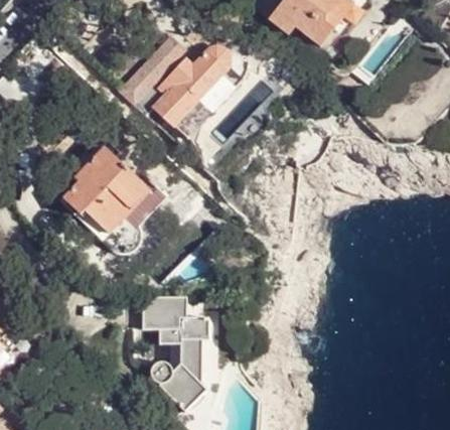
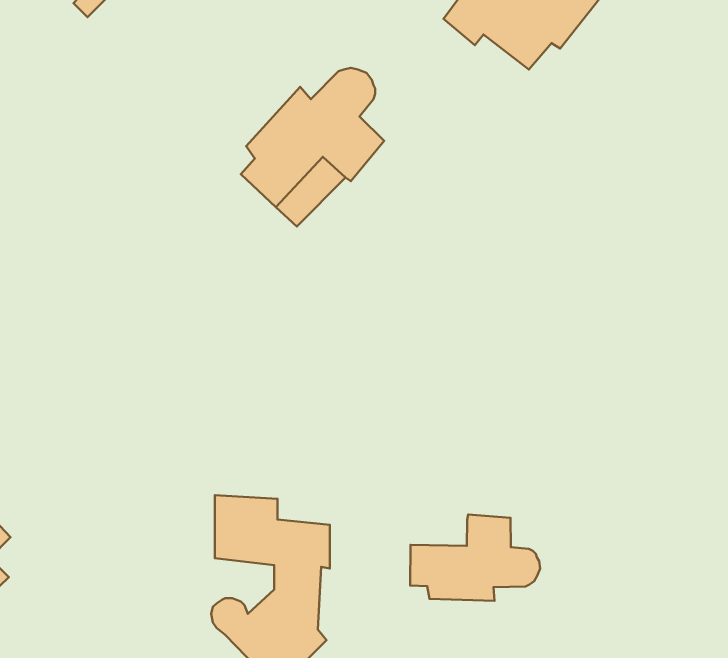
building: [63,147,163,252] -> none
building: none -> [410,514,540,601]

